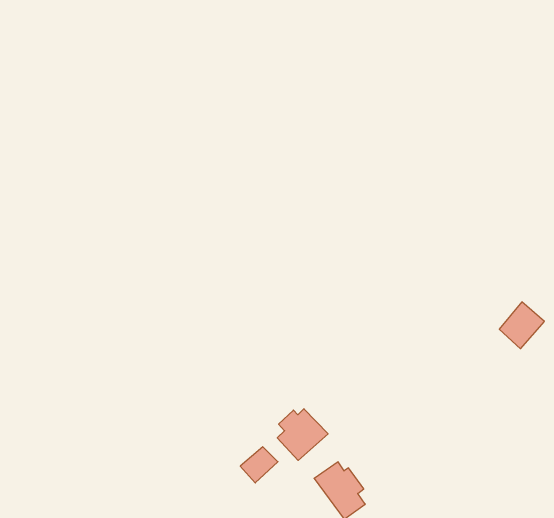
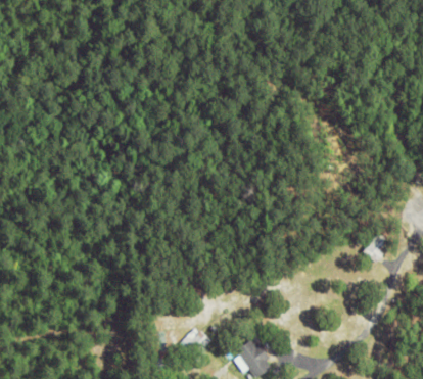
building: [277,409,328,460] -> none

